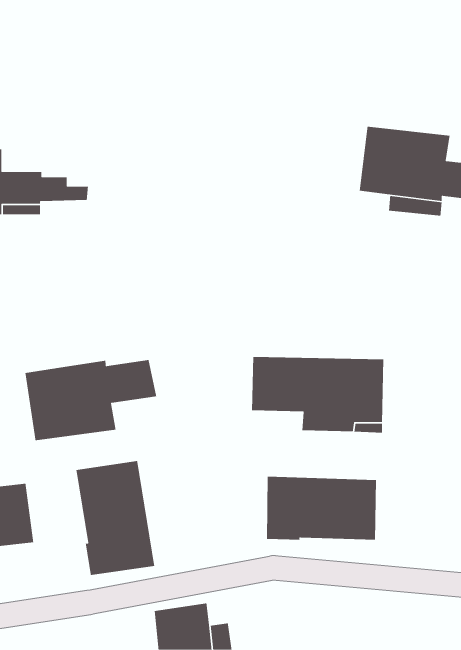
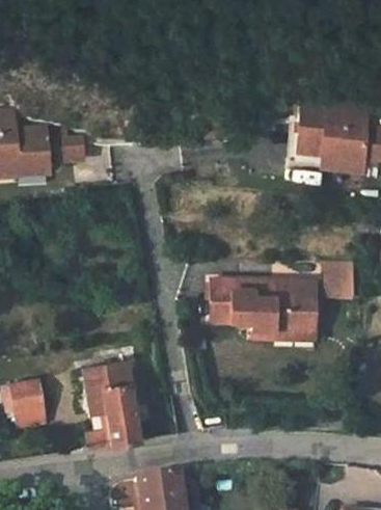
building: none -> [325,261,353,297]
building: [24,359,157,441] -> none
building: [266,476,377,541] -> none

